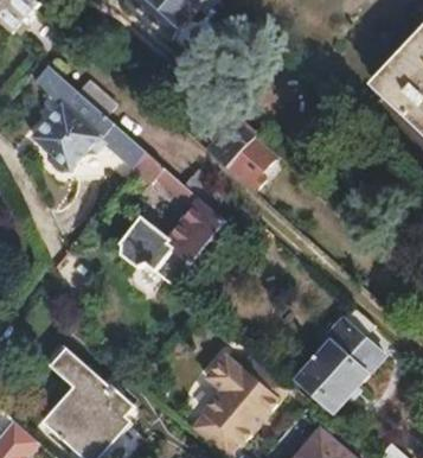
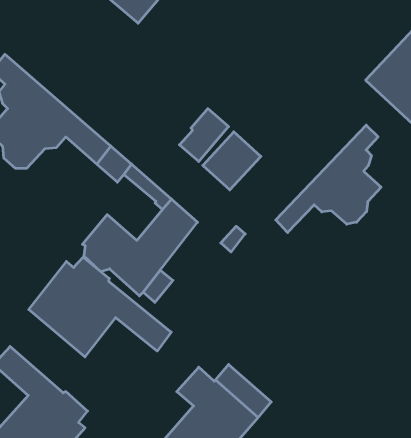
building: none -> [276,125,381,233]
building: none -> [29,257,171,357]
building: [302,305,382,408] -> none

